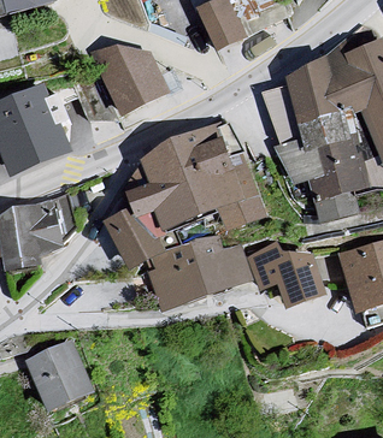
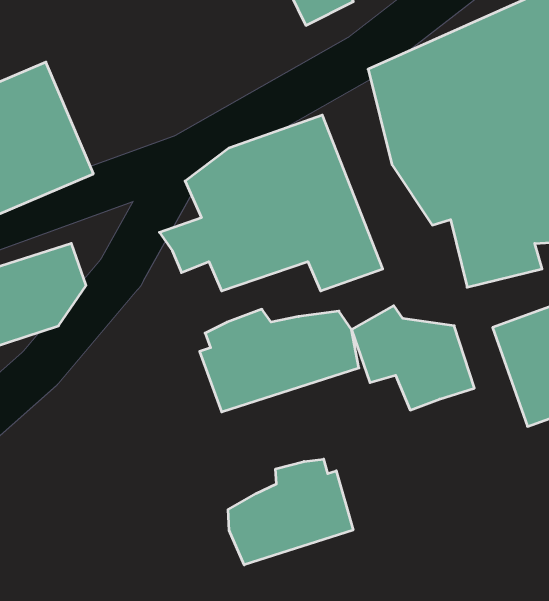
building: [89,48,161,110] -> none
building: [101,203,164,271] -> none
building: none -> [228,459,353,565]
building: [28,341,99,418] -> none

